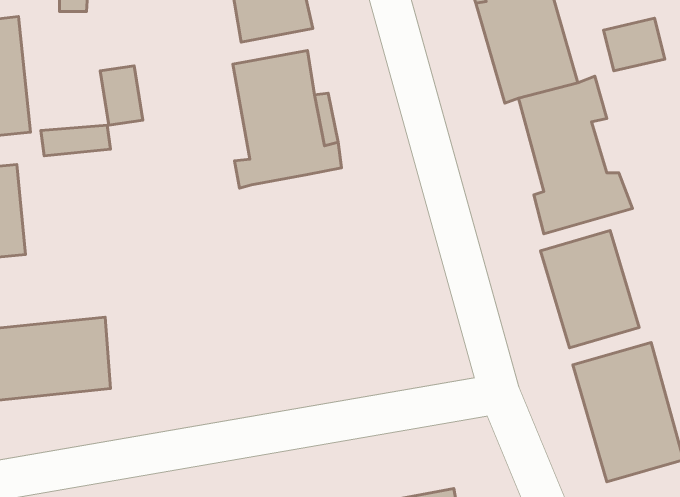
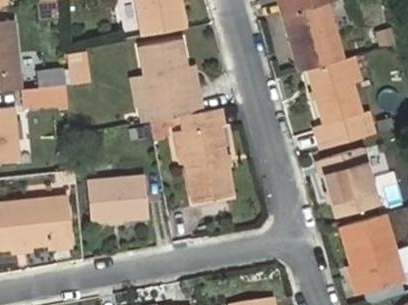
building: none -> [182,107,233,201]
building: none -> [85,176,147,220]

